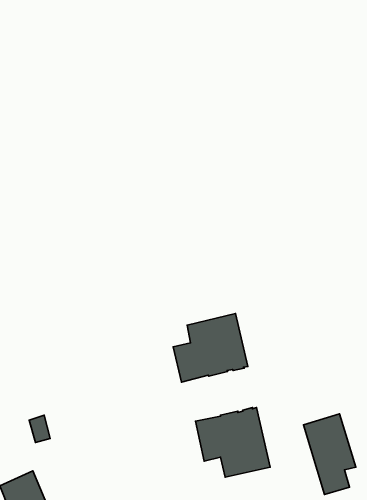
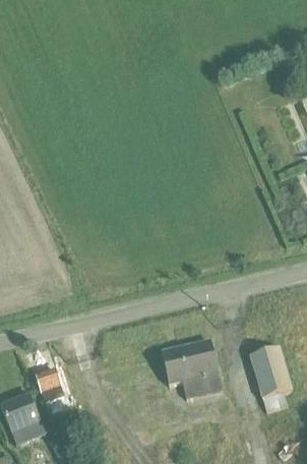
building: [173,314,248,382] -> none
building: none -> [36,368,67,411]

